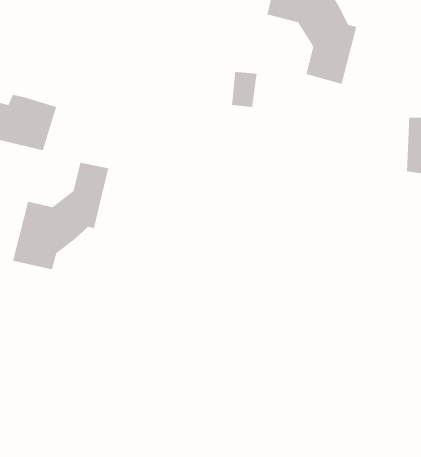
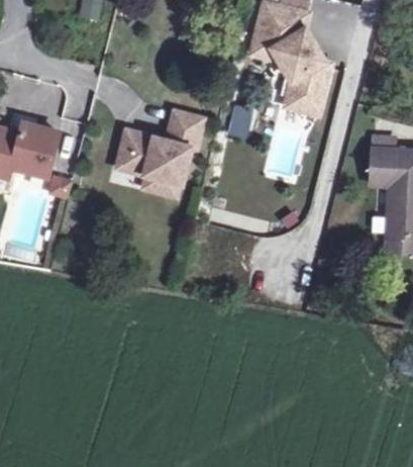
building: none -> [116,108,202,193]
building: [12,162,109,270] -> none

